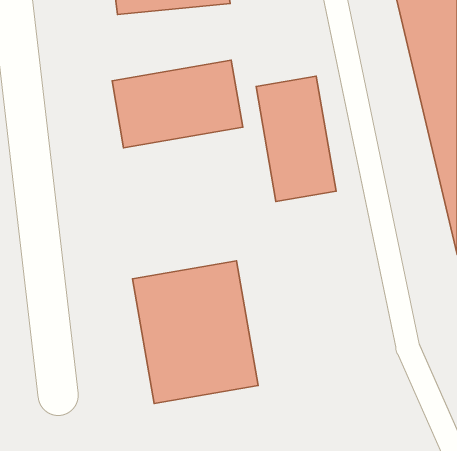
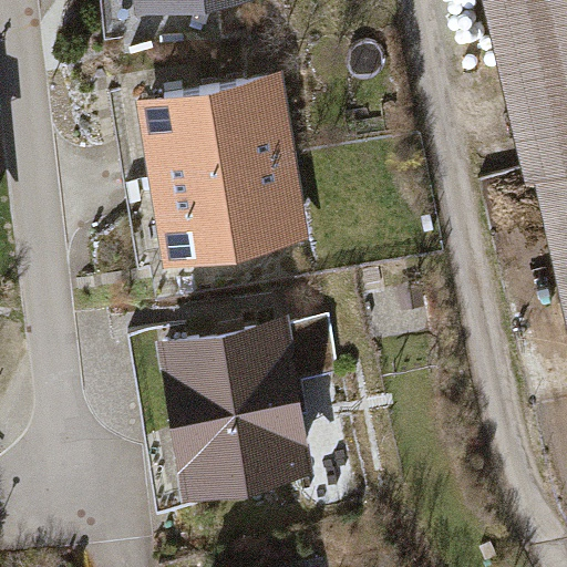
building: [256,76,336,201] -> none
building: none -> [153,157,315,266]

